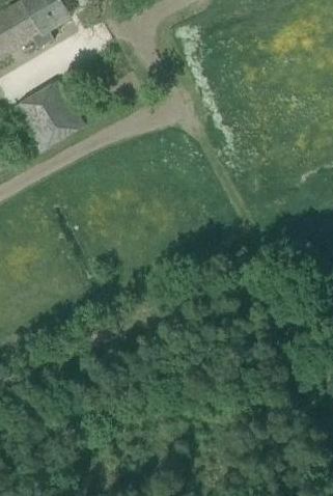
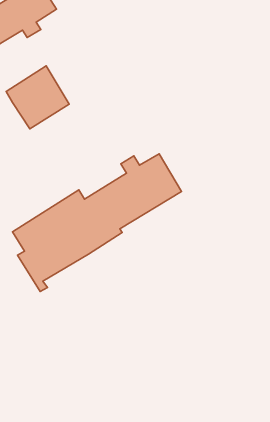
building: none -> [12,154,181,292]

